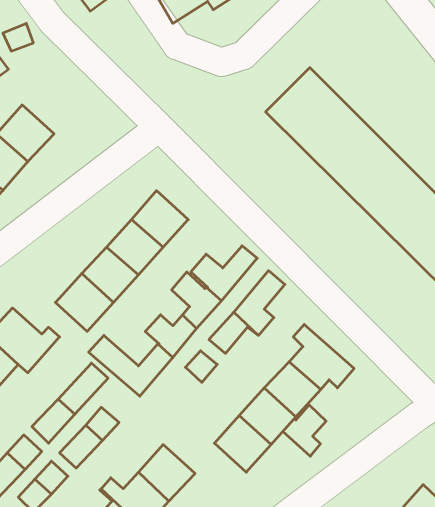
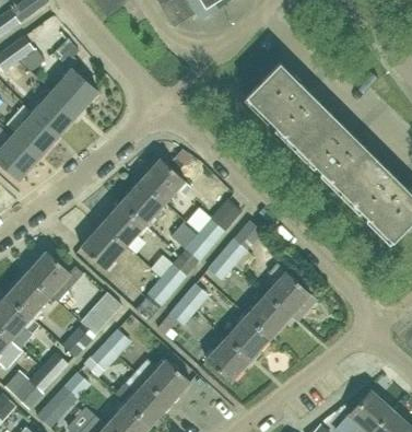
building: none -> [54,68,98,113]
building: none -> [157,297,196,339]
building: [283,405,326,456] -> none

